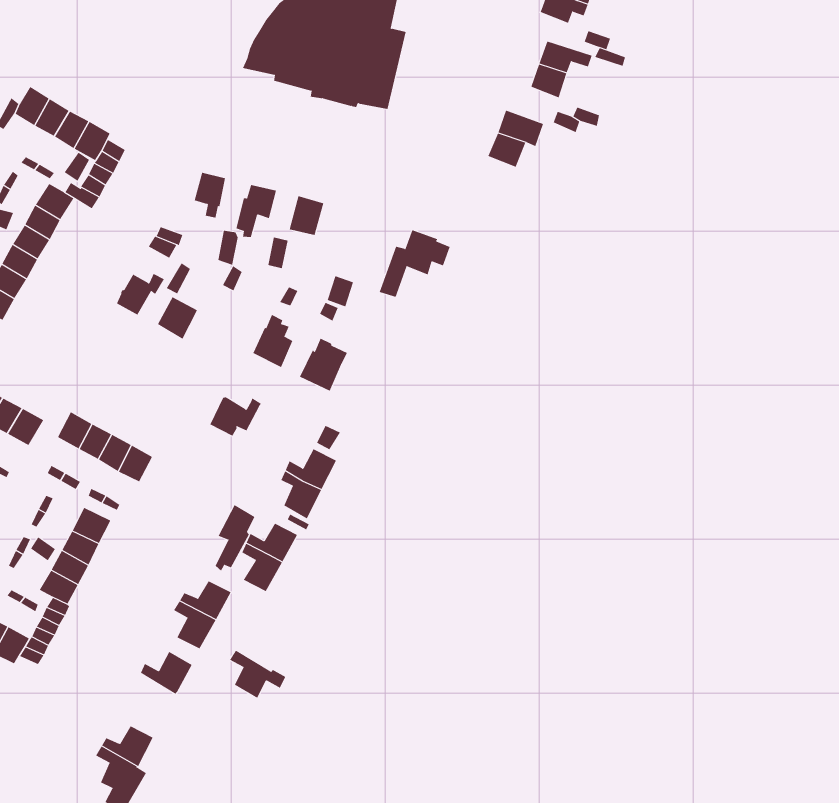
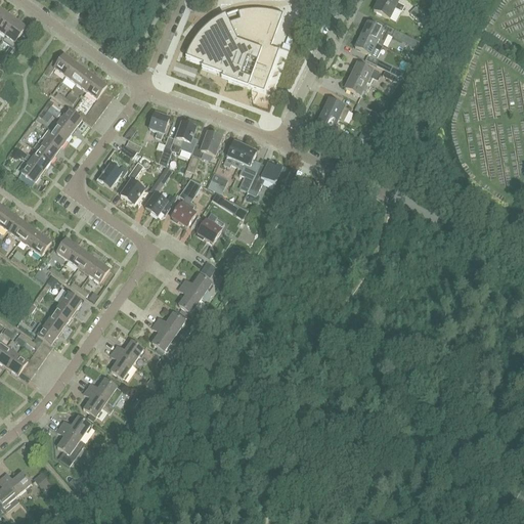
building: none -> [222,140,255,178]
building: [209,397,262,437] -> [144,191,175,214]
building: [215,504,255,572] -> none
building: [229,650,286,699] -> [83,386,114,414]

